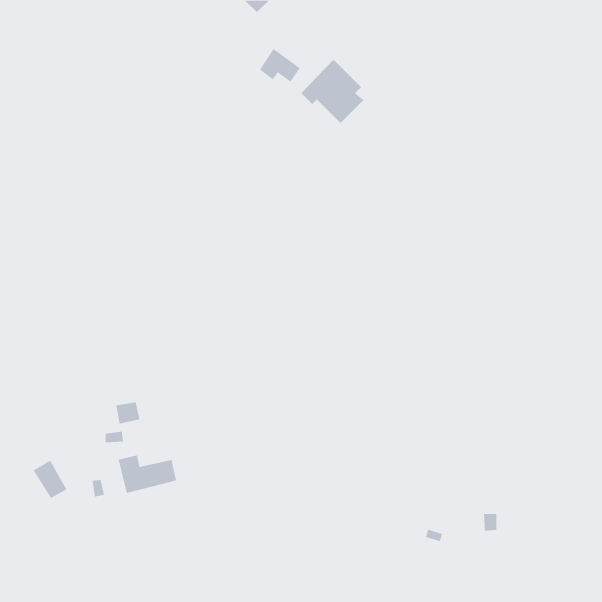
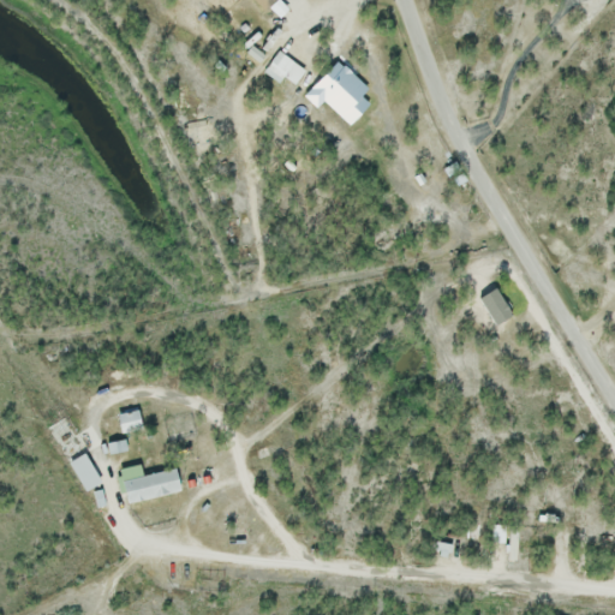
building: none -> [479,287,513,324]
building: [33,460,67,499] -> [67,453,102,492]

